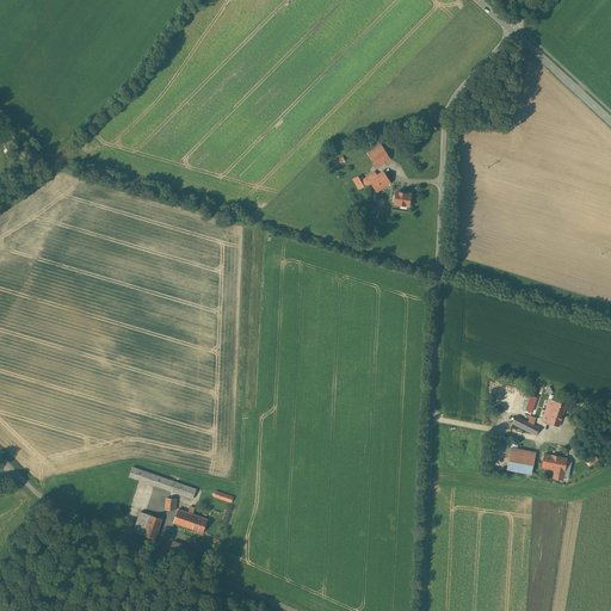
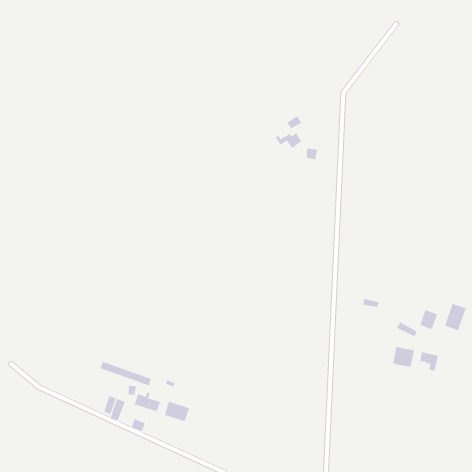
building: none -> [444,303,466,331]
building: none -> [164,401,190,422]

